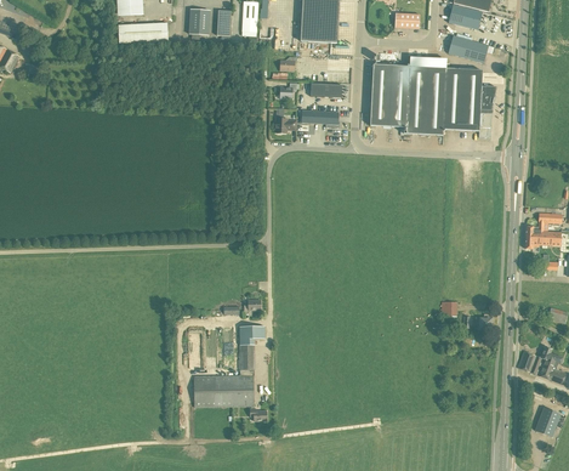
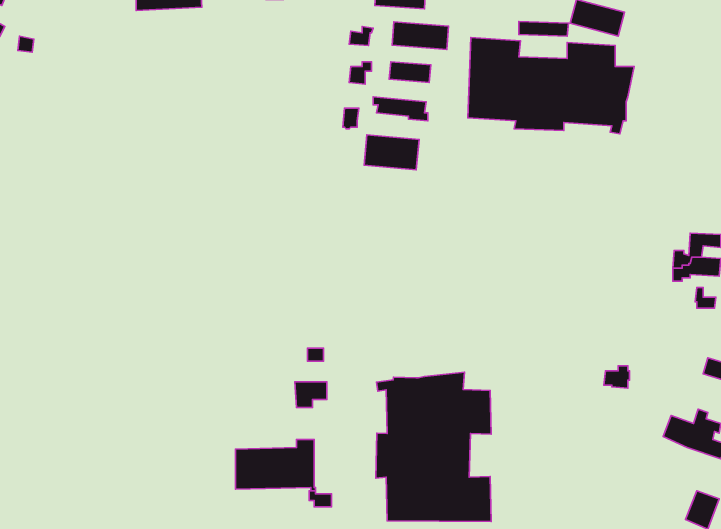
building: none -> [392,22,449,50]
building: none -> [364,135,419,170]
building: none -> [376,372,491,522]

